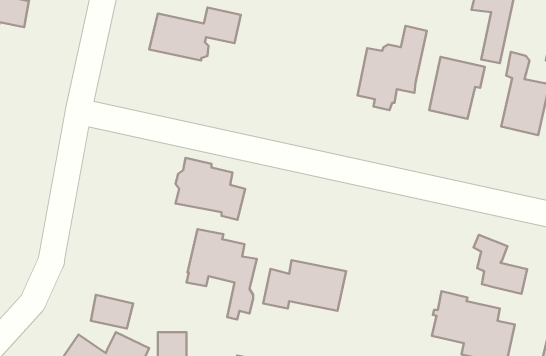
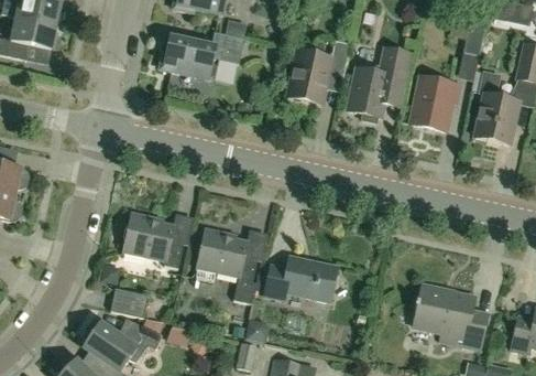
building: none -> [288,37,351,103]
building: [176,158,245,220] -> [123,211,185,266]
building: [473,235,527,294] -> none

